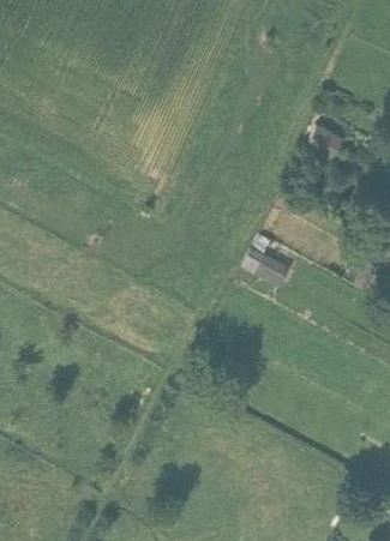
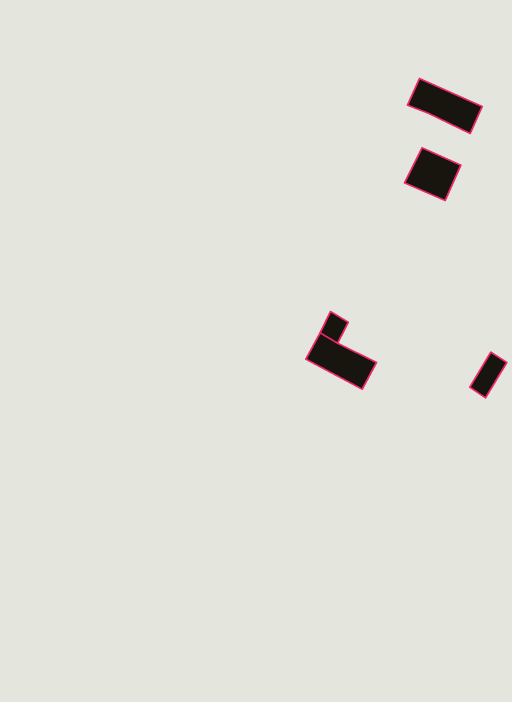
building: none -> [407,78,482,133]

